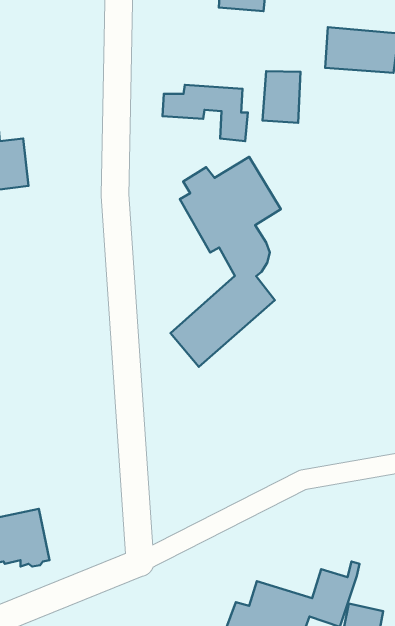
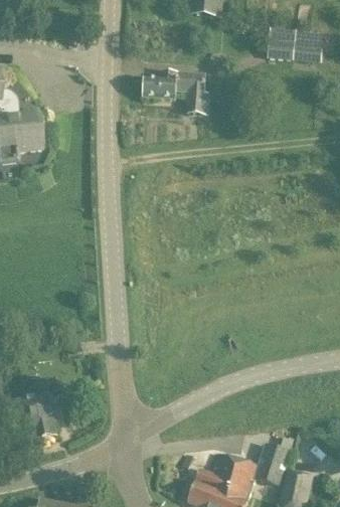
building: [263,71,301,123] -> none
building: [171,157,281,367] -> none

